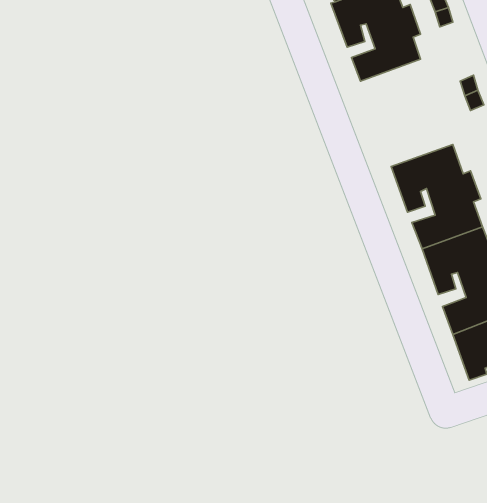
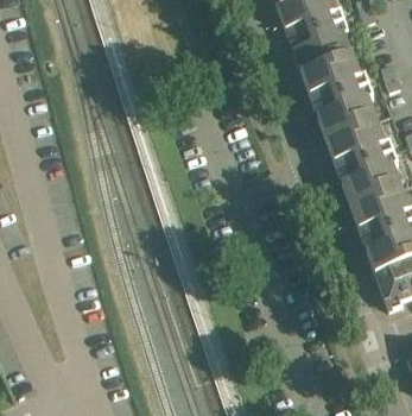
building: none -> [300,50,375,137]

